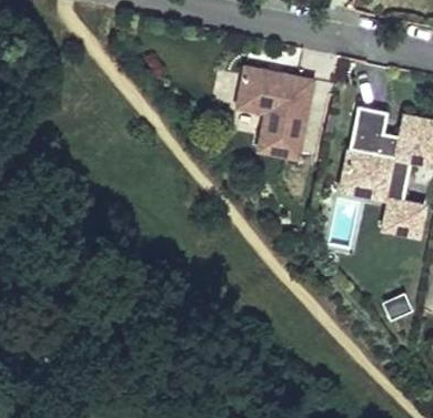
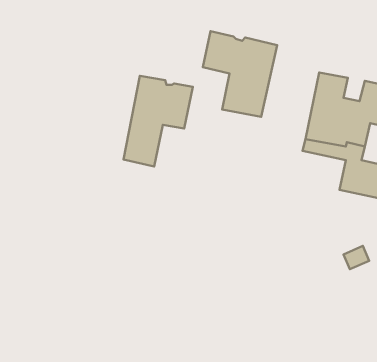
building: none -> [123,76,193,167]

